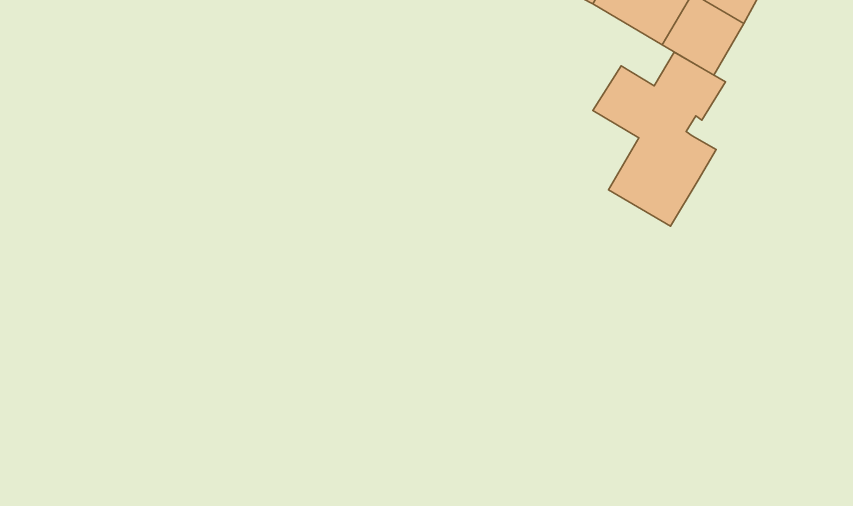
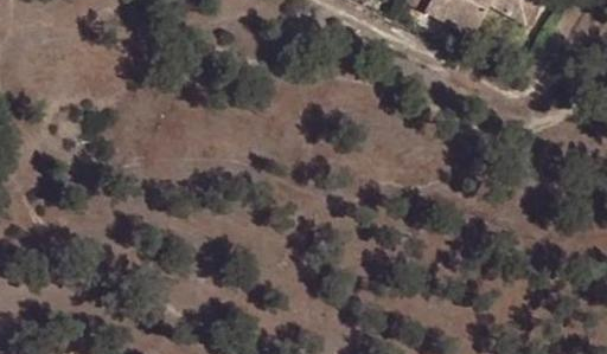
building: [593,52,726,226] -> none

